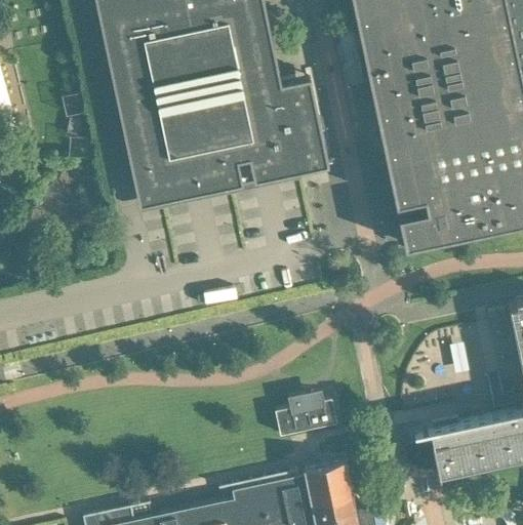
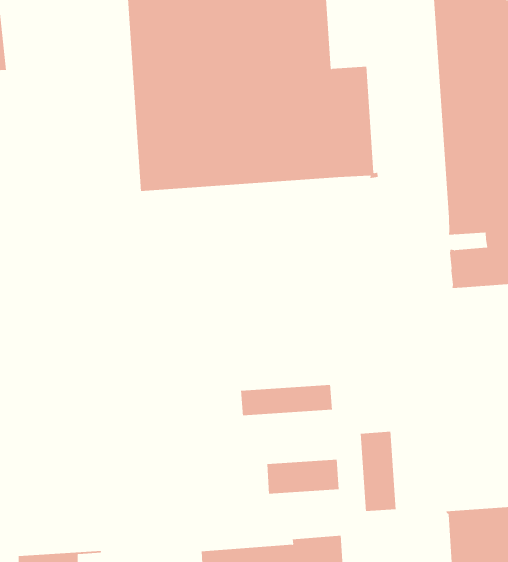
building: none -> [241,384,333,416]
building: none -> [360,431,396,512]

